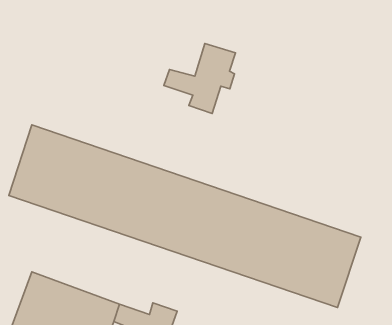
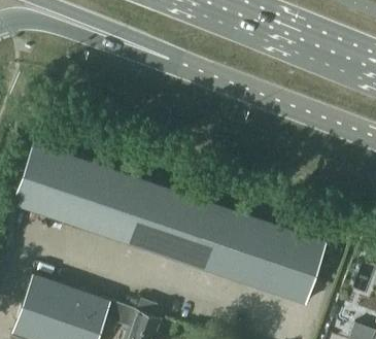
building: [164,43,235,114] -> none

